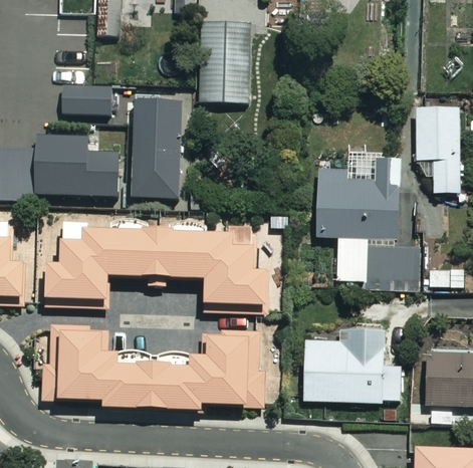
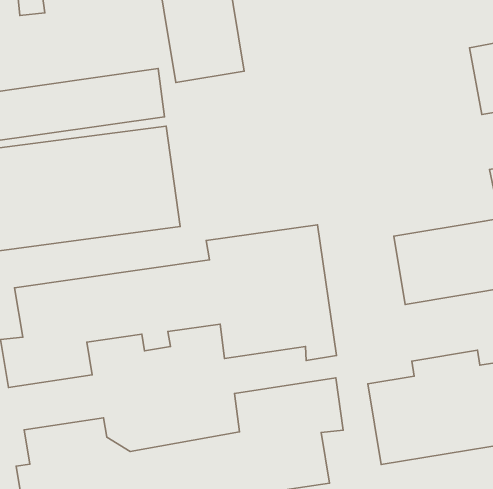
building: [315,153,405,237] -> none

